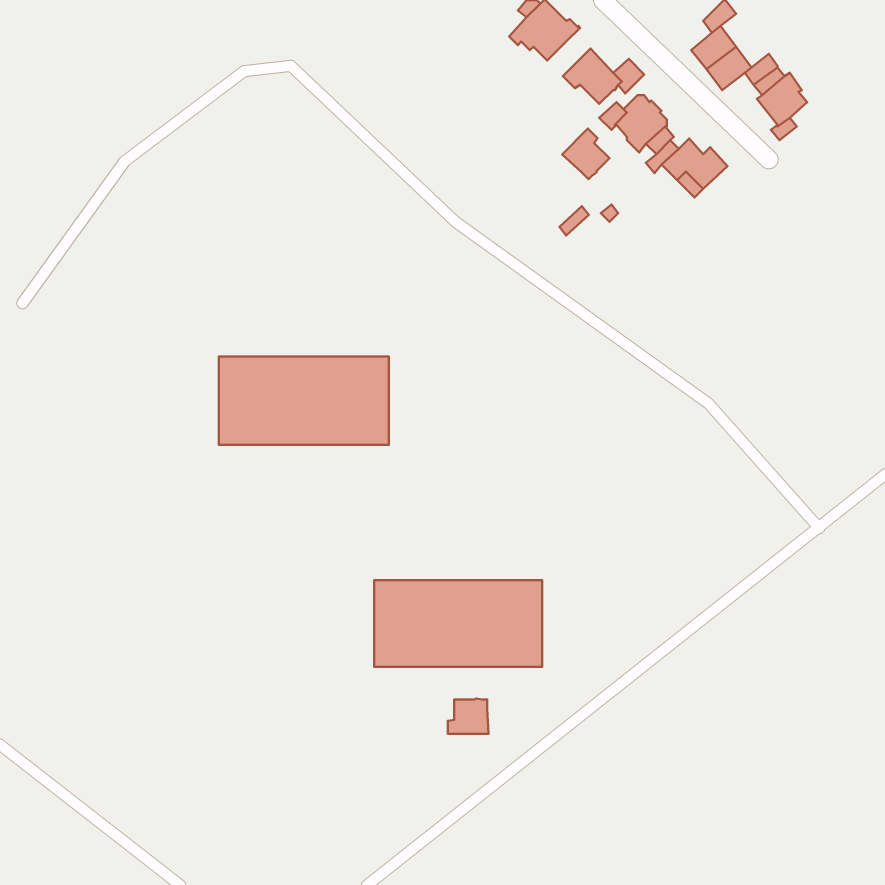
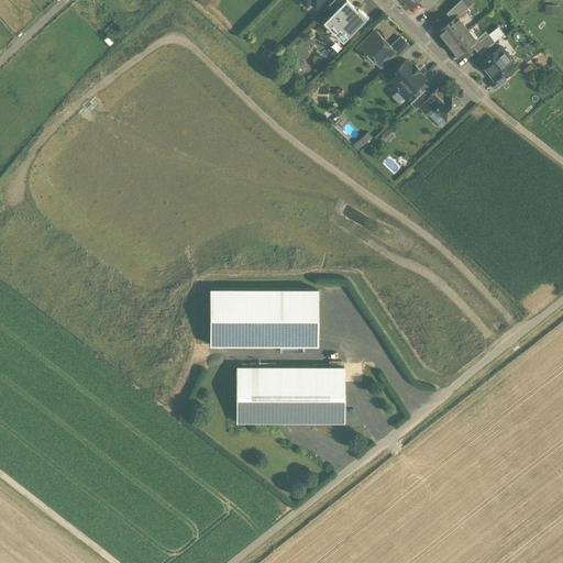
building: [562,129,609,179] -> none
building: [219,357,389,445] -> [210,290,318,346]
building: [448,699,489,734] -> none

